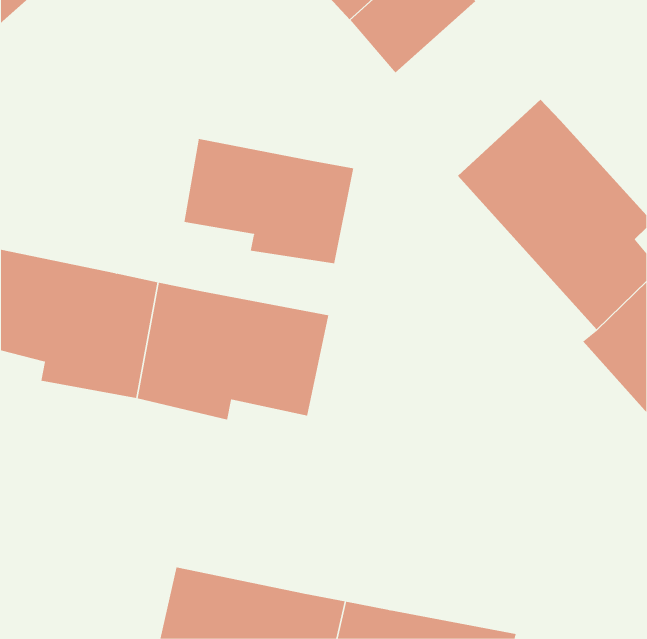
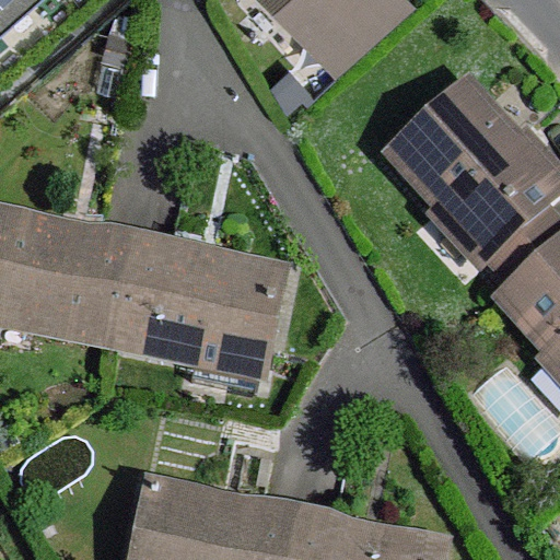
building: [184,138,354,264] -> none

